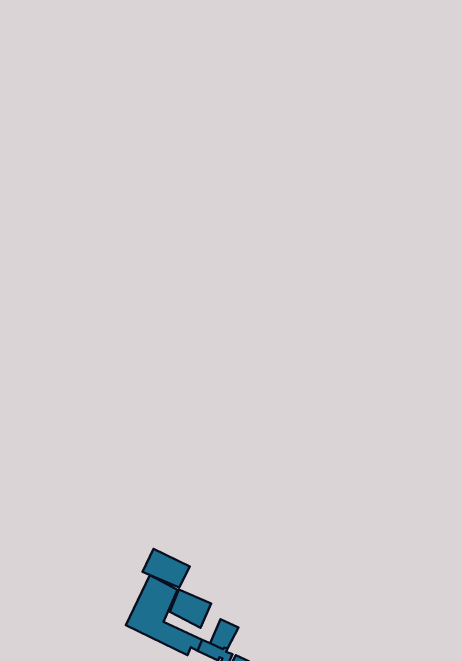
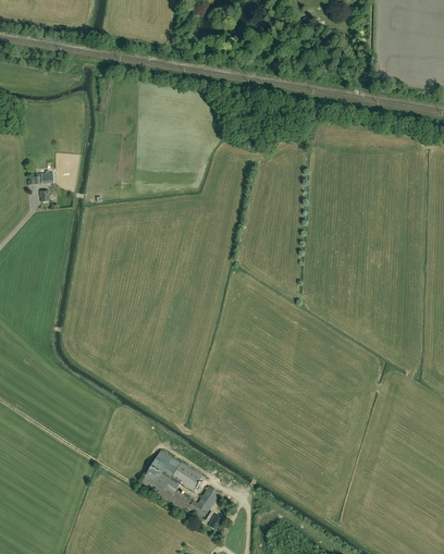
building: [142,549,190,588] -> none

